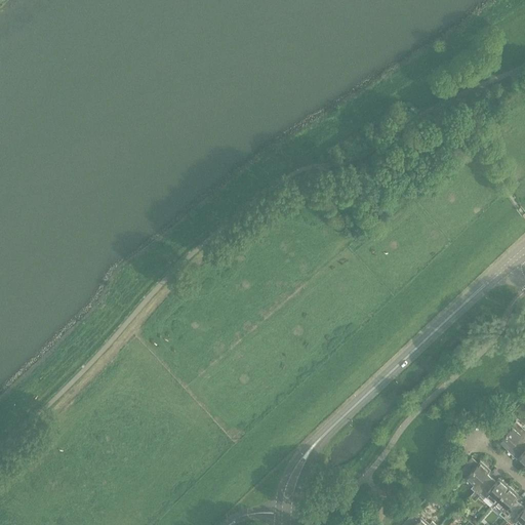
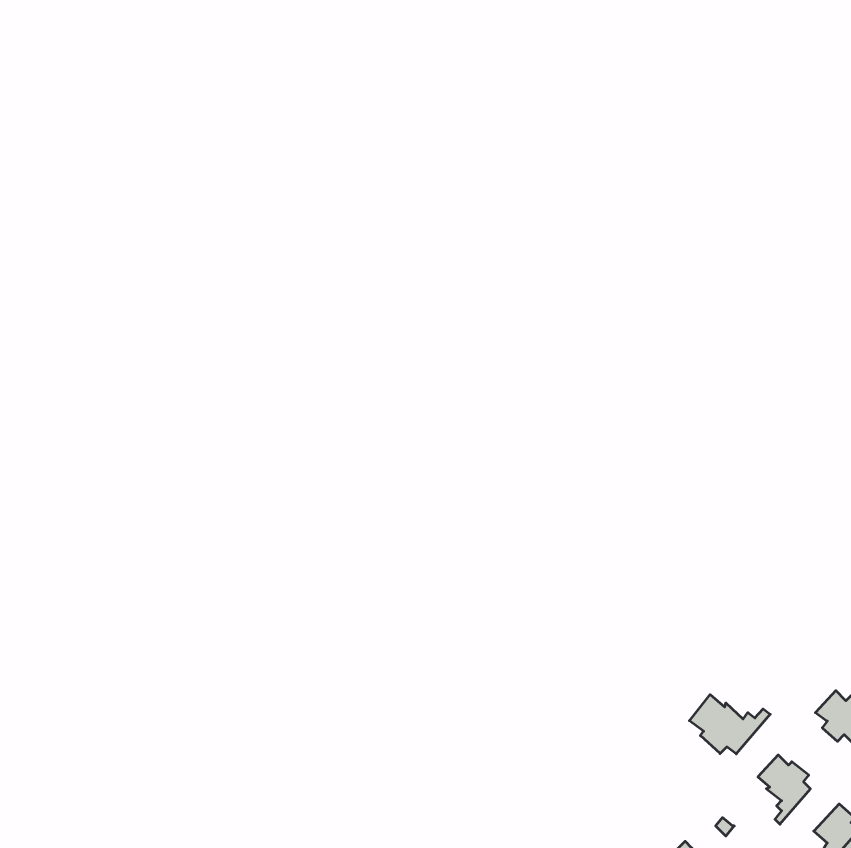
building: none -> [689,695,770,754]
building: [481,488,517,514] -> none

